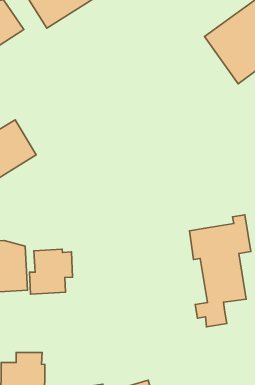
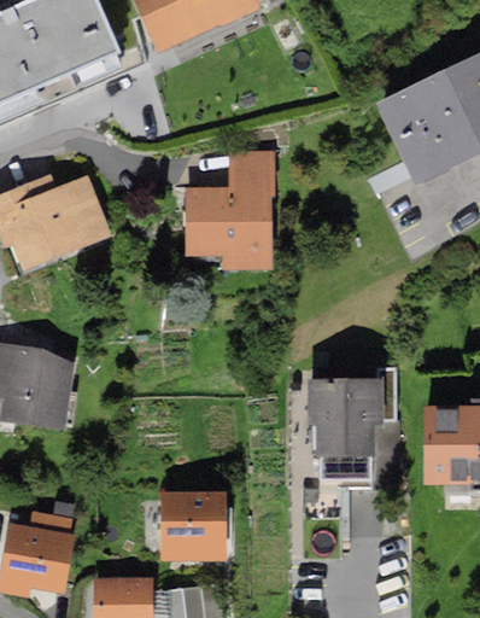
building: none -> [187,152,273,267]
building: [29,249,72,294] -> none
building: none -> [162,491,224,561]

